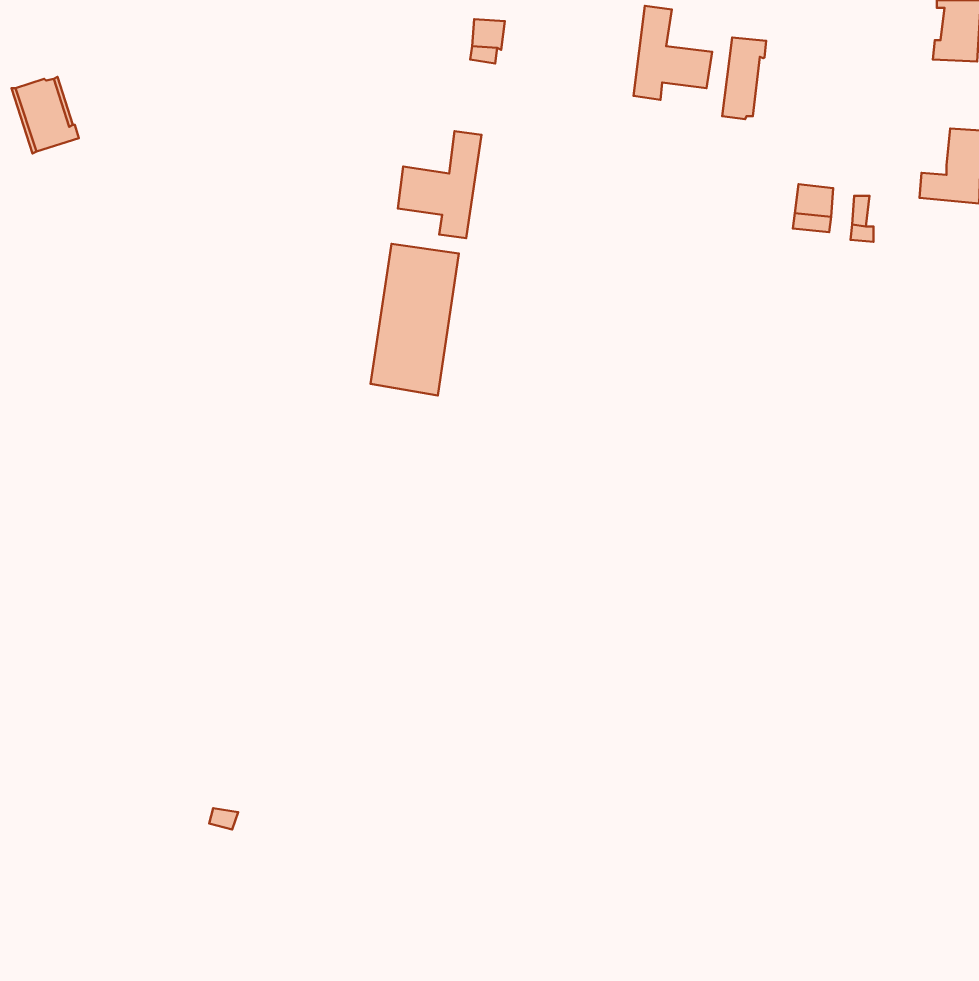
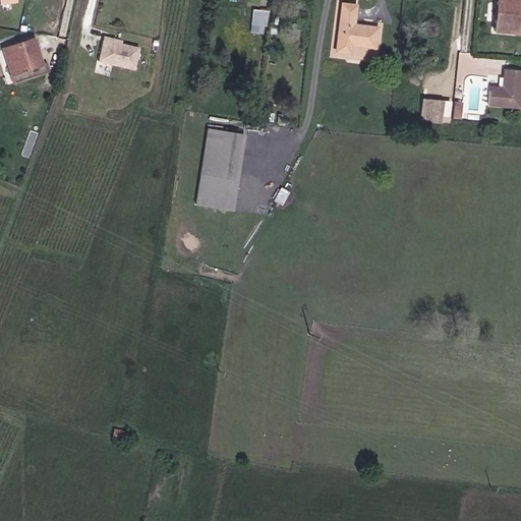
building: [722,37,766,119] -> none
building: none -> [97,39,137,67]
building: [398,131,482,238] -> none

